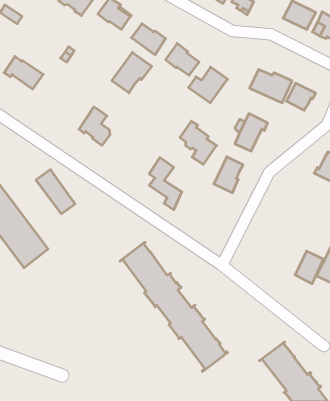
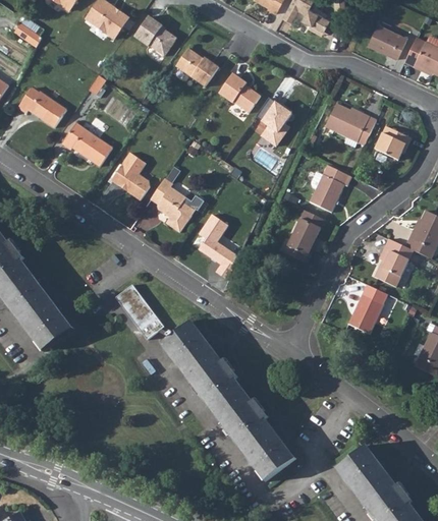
building: [112,52,152,93] -> none
building: none -> [61,125,111,168]
building: [180,121,217,164] -> [152,179,198,233]
building: [36,170,75,214] -> [113,283,162,338]
building: none -> [371,236,408,285]
building: [295,251,324,284] -> [343,290,379,331]

